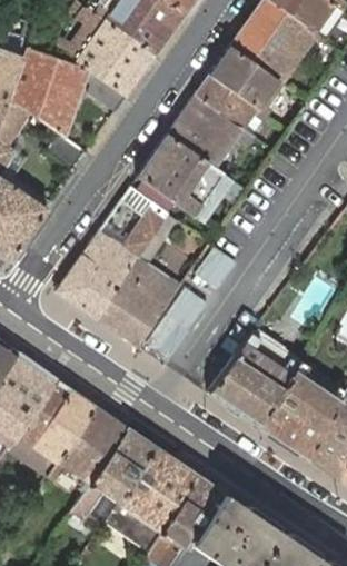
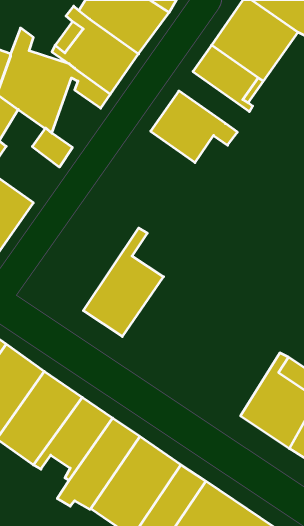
building: [196,73,268,127] -> none
building: [137,135,246,219] -> none
building: [57,185,169,318] -> none
building: [208,330,299,426] -> none

